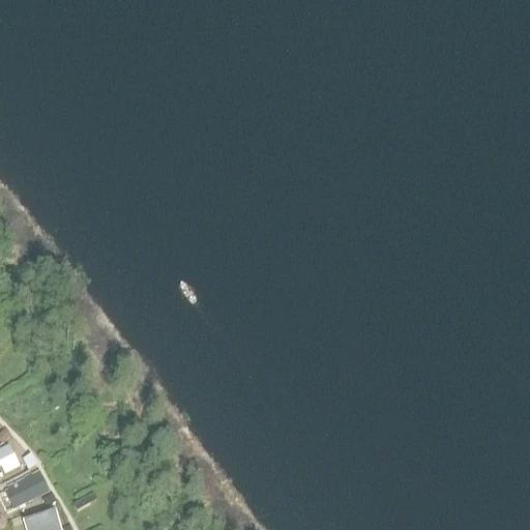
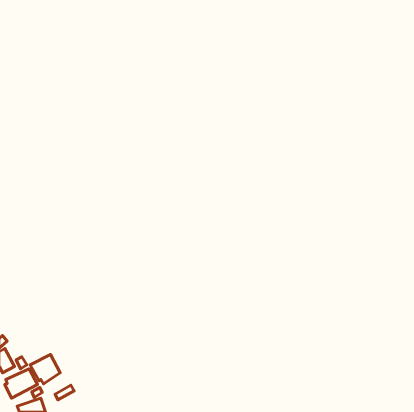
building: none -> [30,354,60,384]

